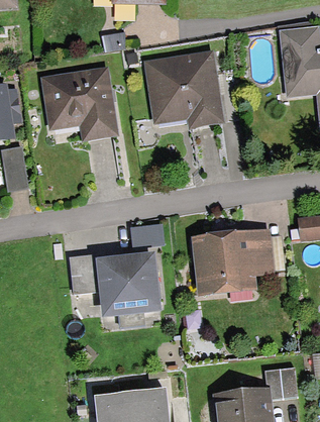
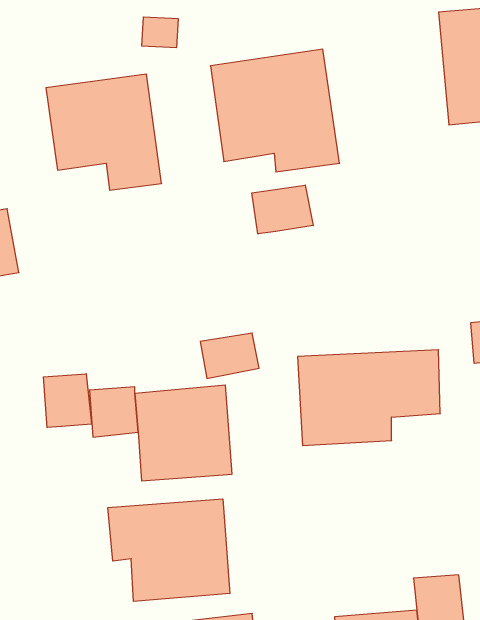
building: none -> [252,185,313,234]
building: none -> [43,374,92,428]
building: none -> [108,499,230,601]

